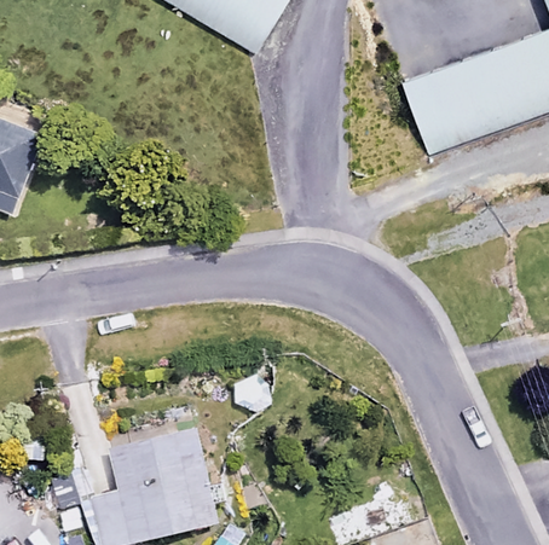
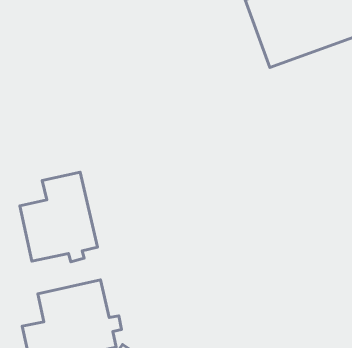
building: none -> [20,172,98,262]

